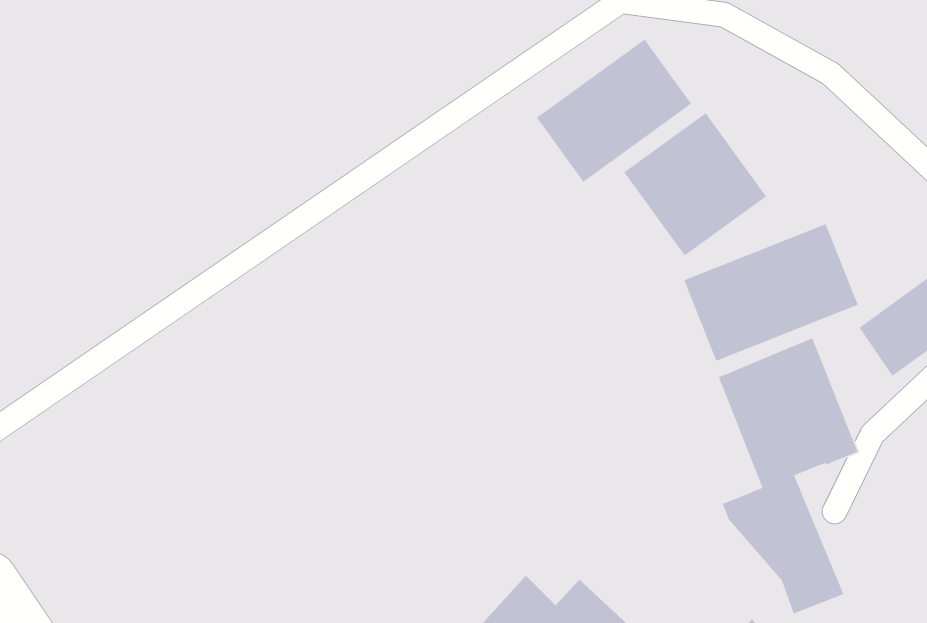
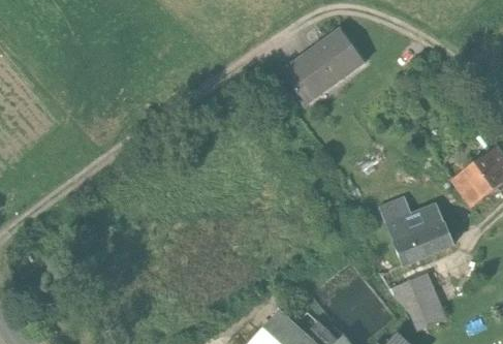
building: [623,112,767,256] -> none
building: [683,223,859,362] -> none

